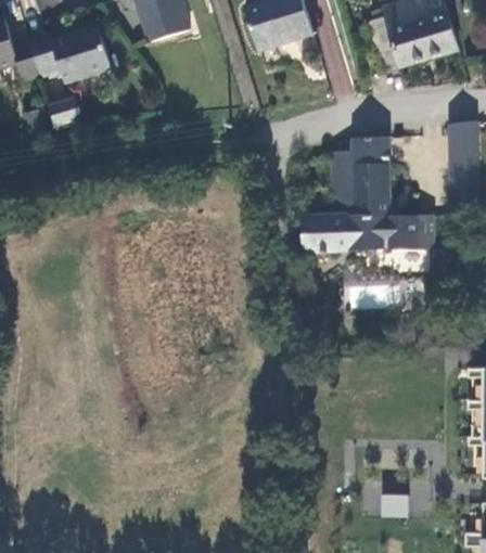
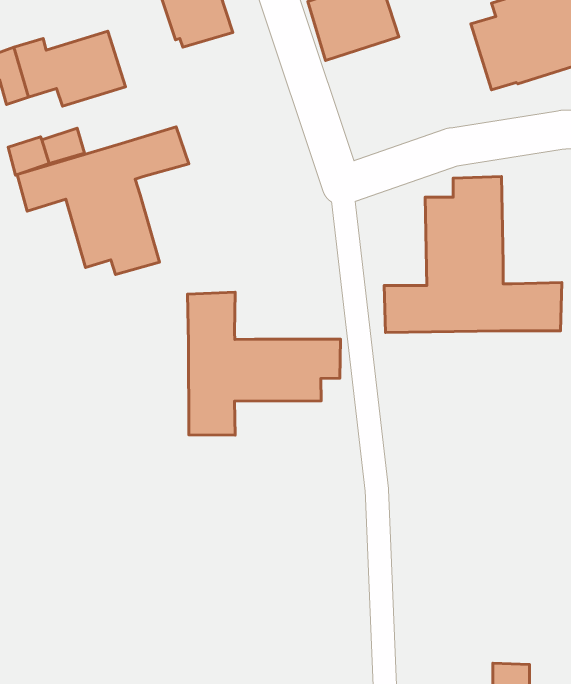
building: none -> [17,127,189,275]
building: none -> [188,292,340,435]

